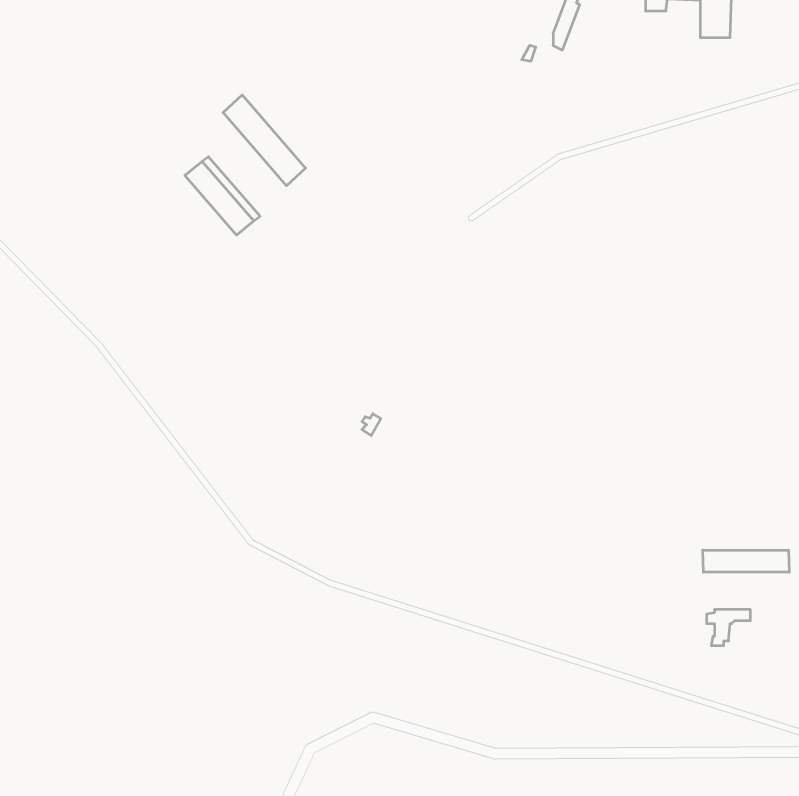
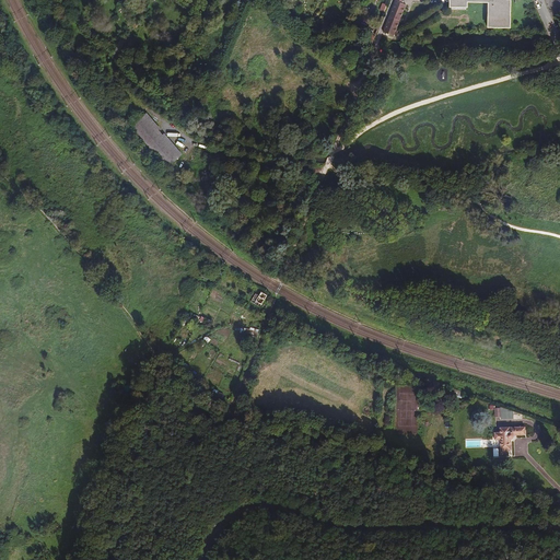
building: [223,95,306,186] -> none
building: [703,550,789,572] -> none

